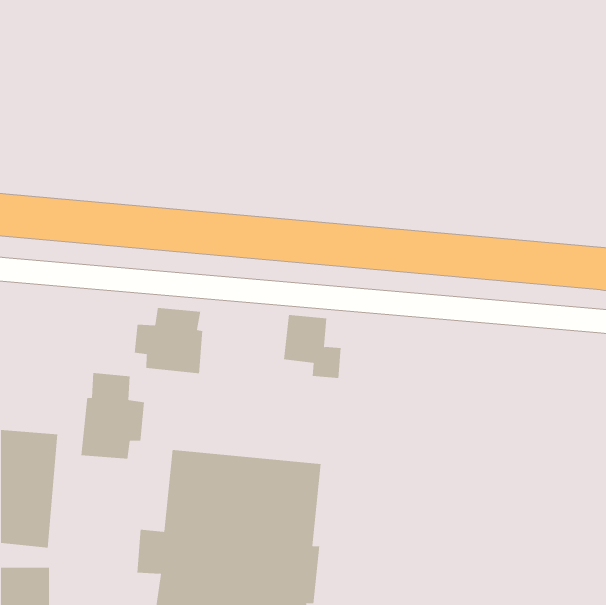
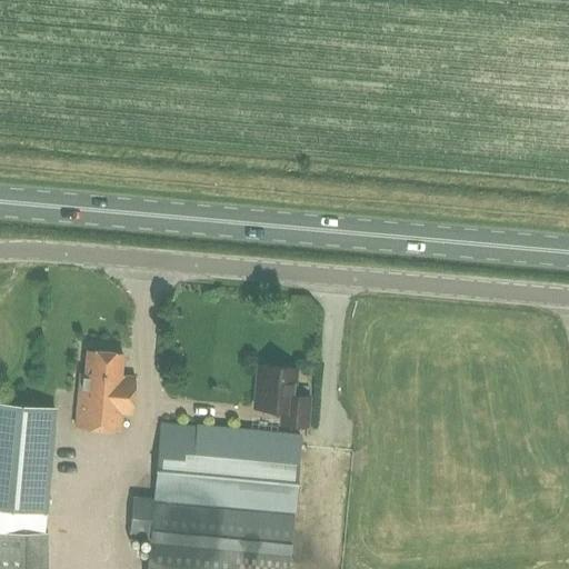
building: [134,307,203,374] -> none
building: [283,315,341,379] -> [254,365,309,425]

